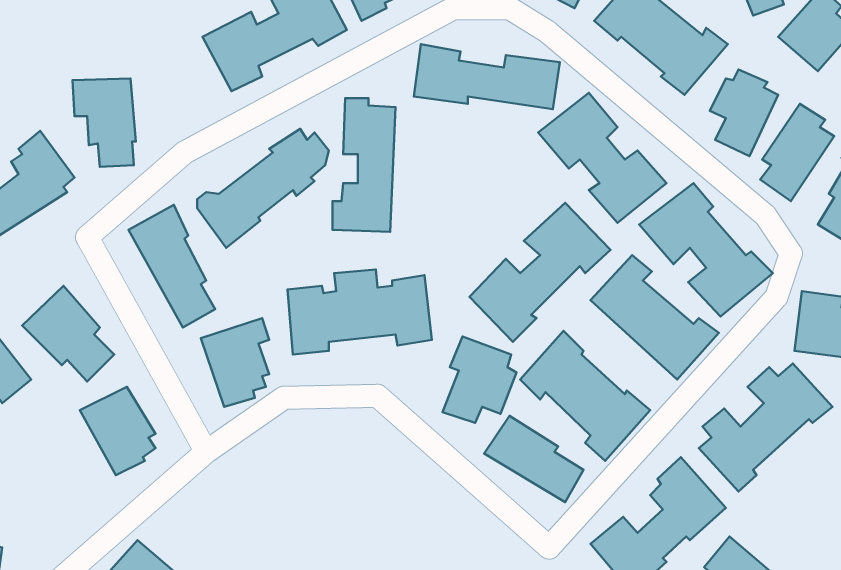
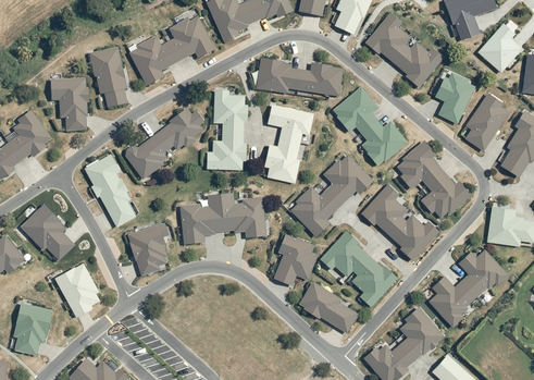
building: none -> [90,46,127,107]
building: none -> [264,103,314,184]
building: none -> [13,303,53,355]

